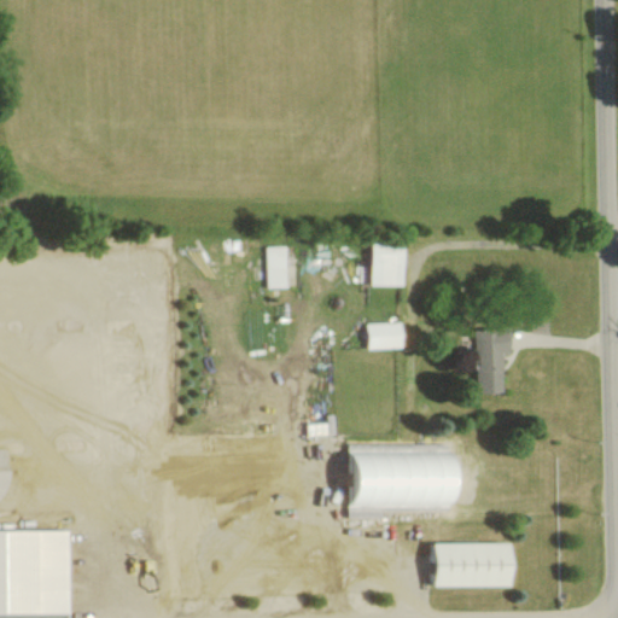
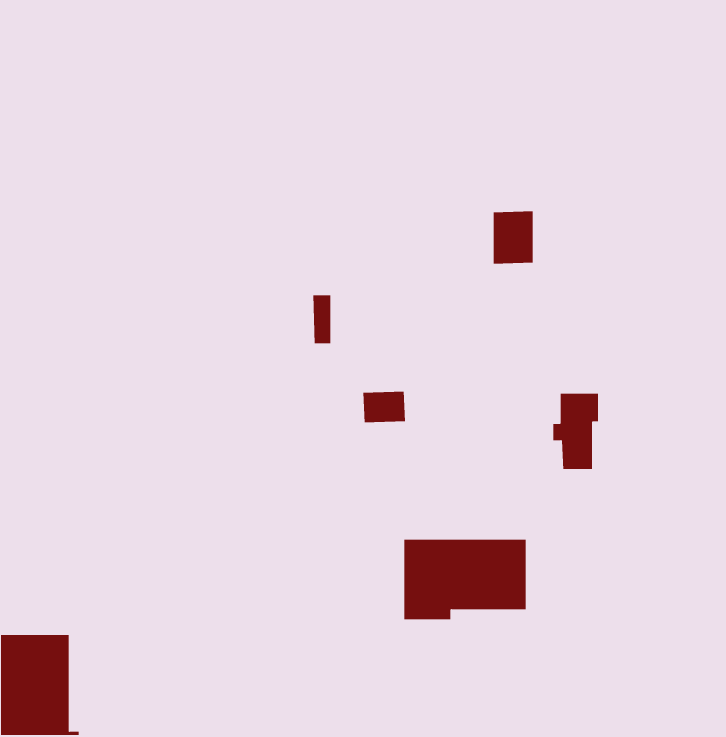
building: [374,241,408,286] -> [493,211,533,264]
building: [369,322,406,349] -> [362,391,406,423]
building: [431,543,513,587] -> none

